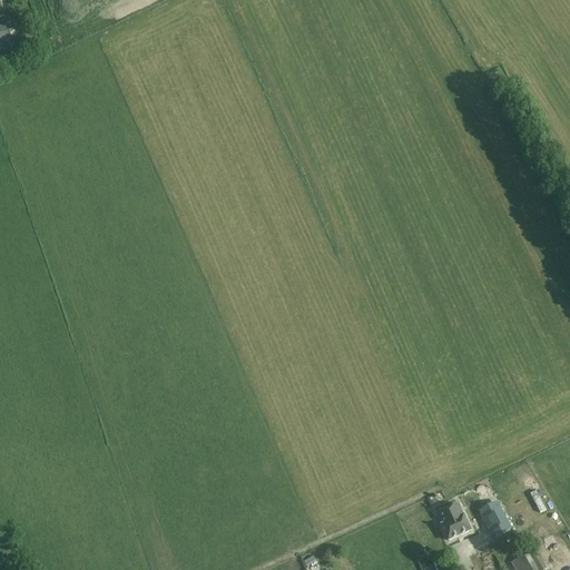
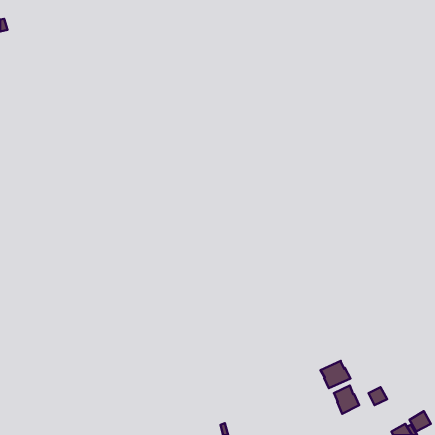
building: none -> [321,361,351,388]

